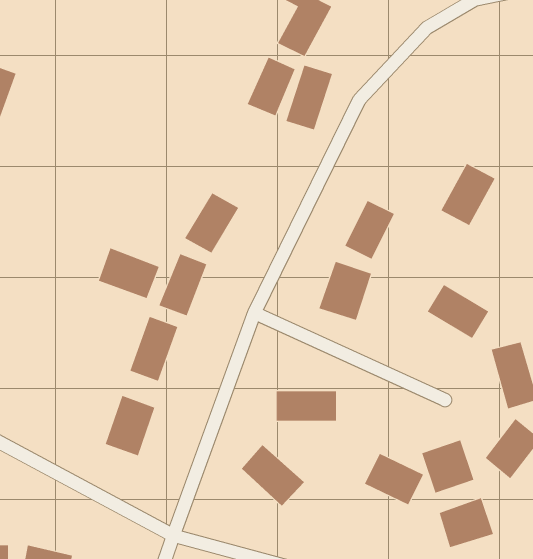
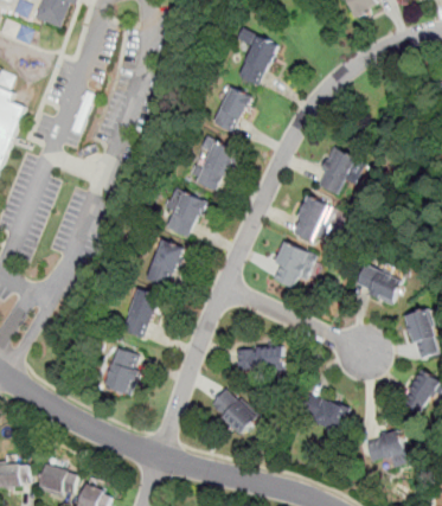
building: [286,65,333,130] -> [197,140,233,191]
building: [441,163,495,226] -> [314,147,357,196]
building: [98,247,160,299] -> none
building: [422,440,474,493] -> none

